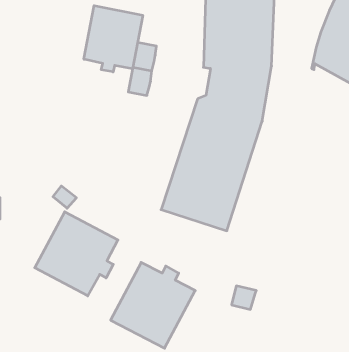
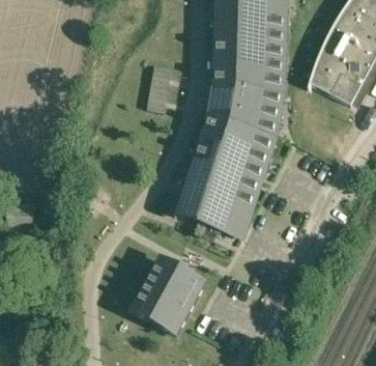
building: [84,6,143,72] -> none
building: [35,212,118,296] -> none

